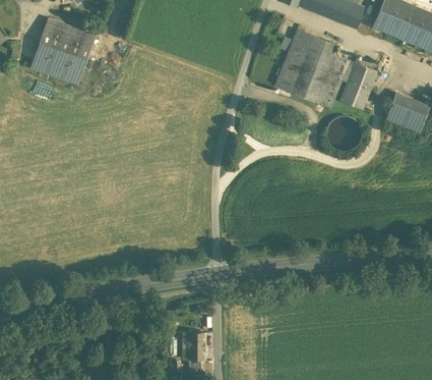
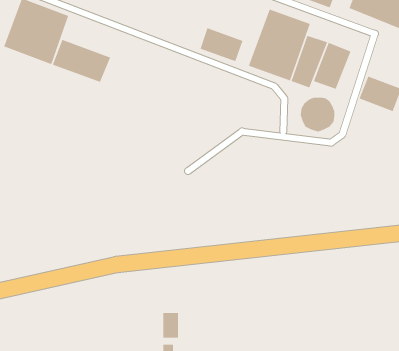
building: none -> [199,27,243,62]
building: none -> [52,39,111,83]

